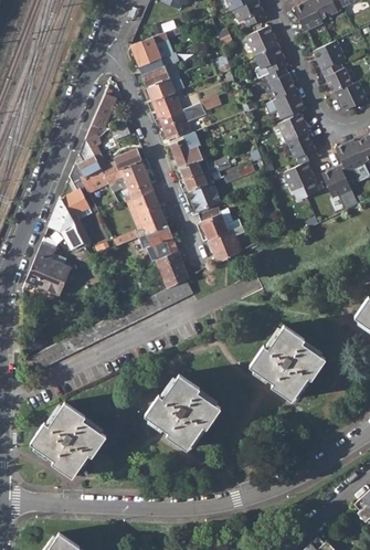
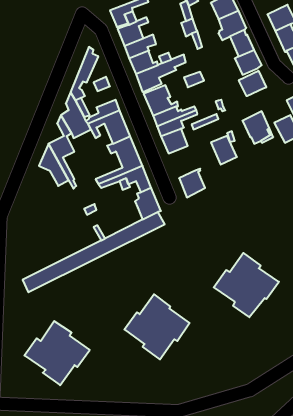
building: [288,136,318,165] -> none
building: [199,207,229,240] -> [211,136,237,165]
building: [25,240,72,296] -> none

